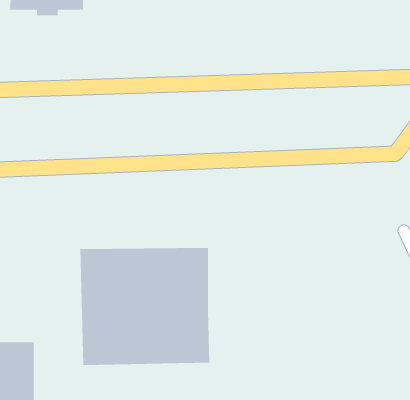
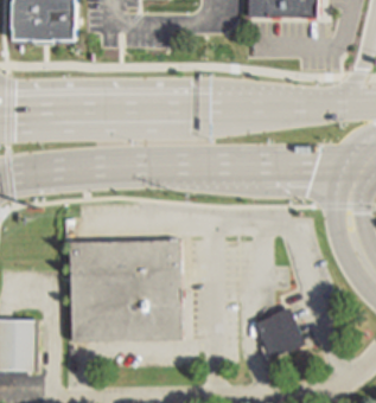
building: none -> [254,308,302,359]

